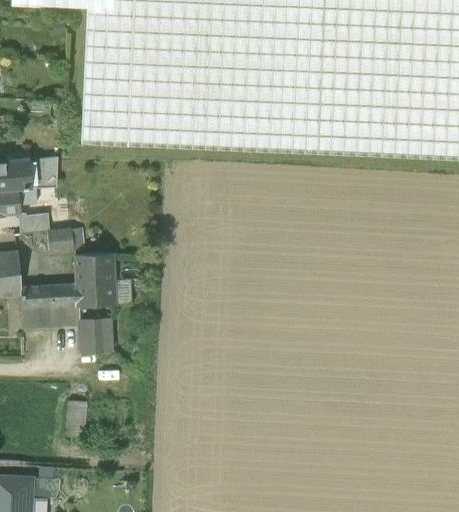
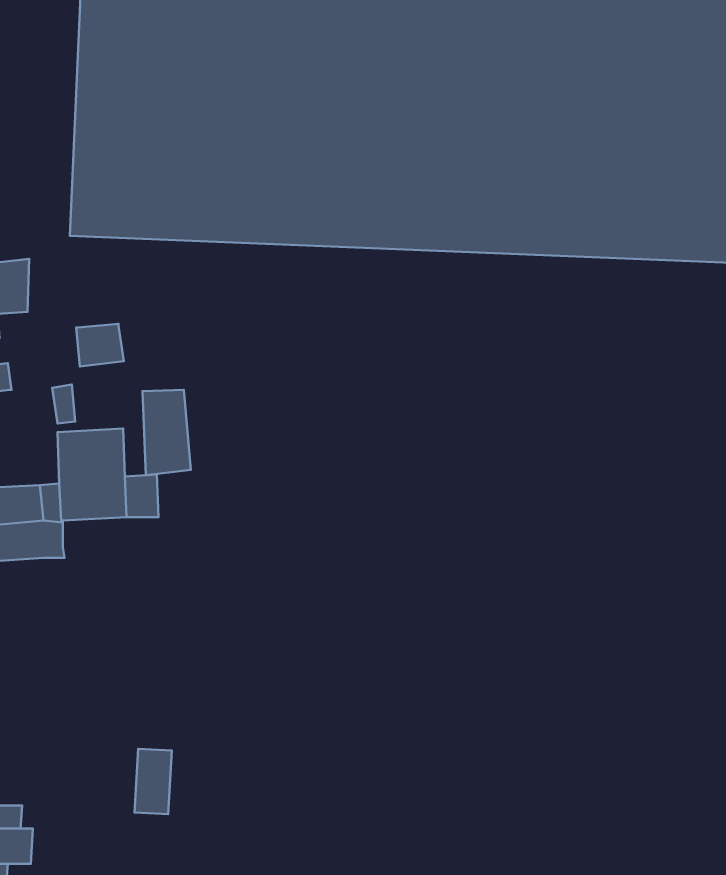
building: [47,228,74,252] -> [76,324,124,366]
building: none -> [142,390,191,475]
building: [77,317,111,352] -> none
building: [67,400,88,437] -> [135,749,172,814]

